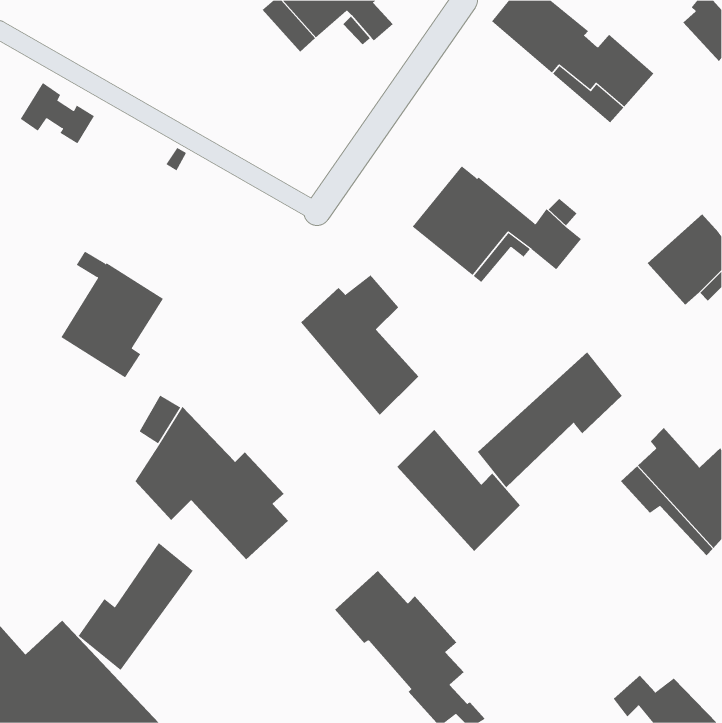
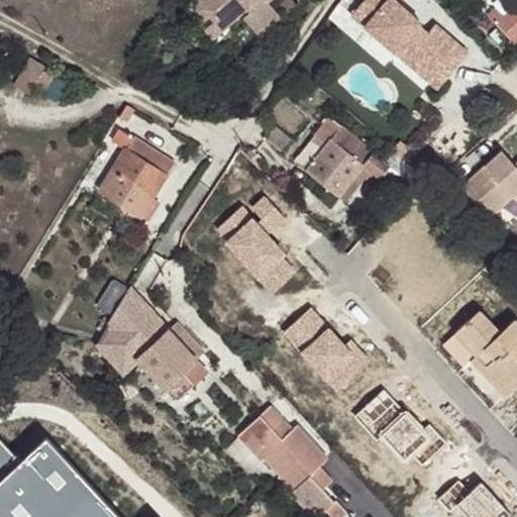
building: [60,251,164,378] -> [100,129,174,220]
building: [477,351,623,488] -> none
building: [78,542,193,671] -> none
building: none -> [353,390,444,466]

